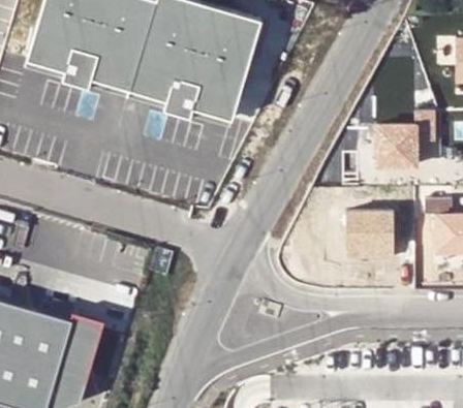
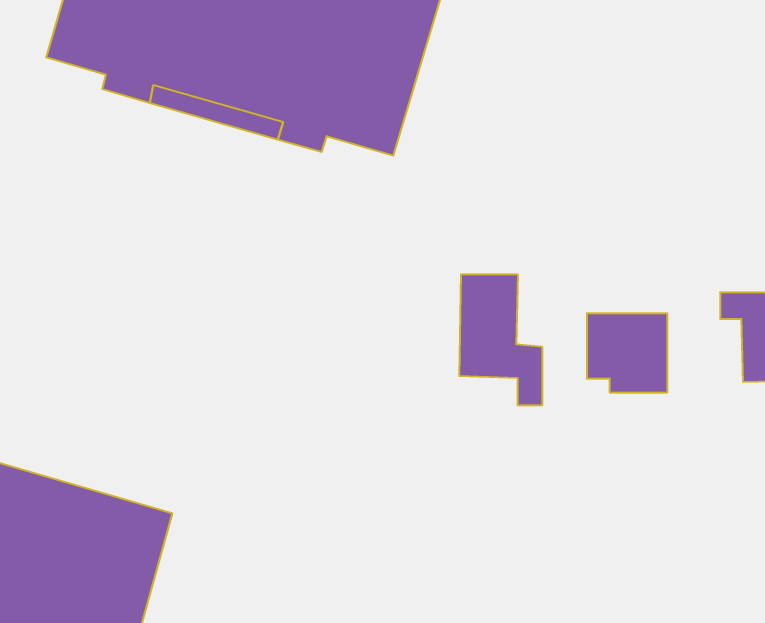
building: [376,112,434,166] -> none
building: none -> [459,274,542,405]

